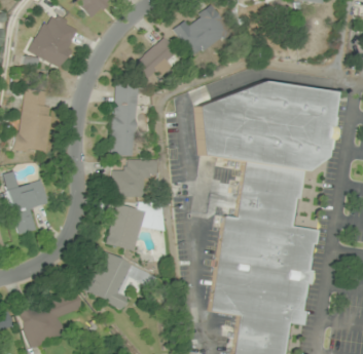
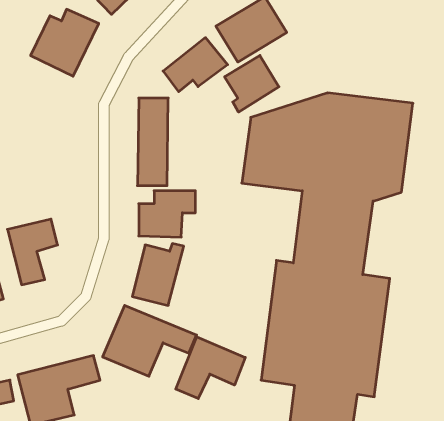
building: none -> [225,55,279,112]
building: [16,88,52,153] -> none
building: none -> [176,337,245,399]

